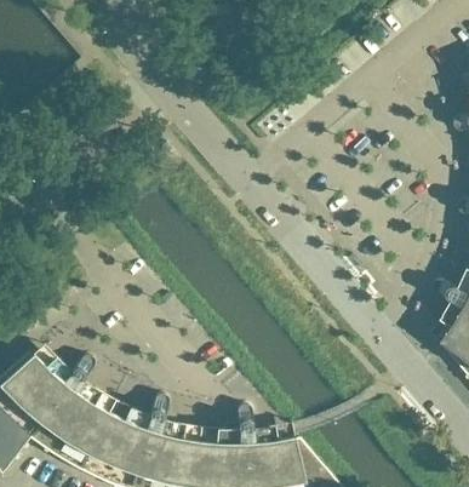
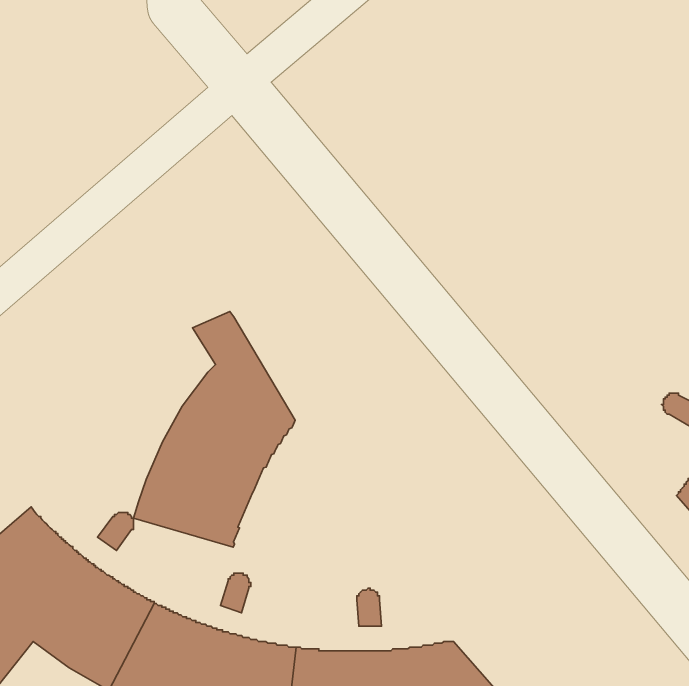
building: none -> [133,312,295,547]

